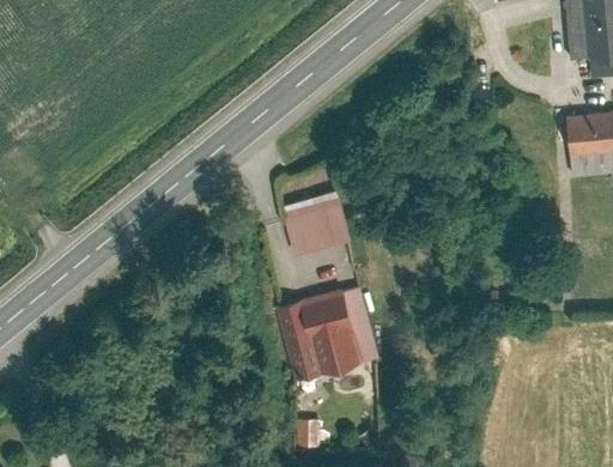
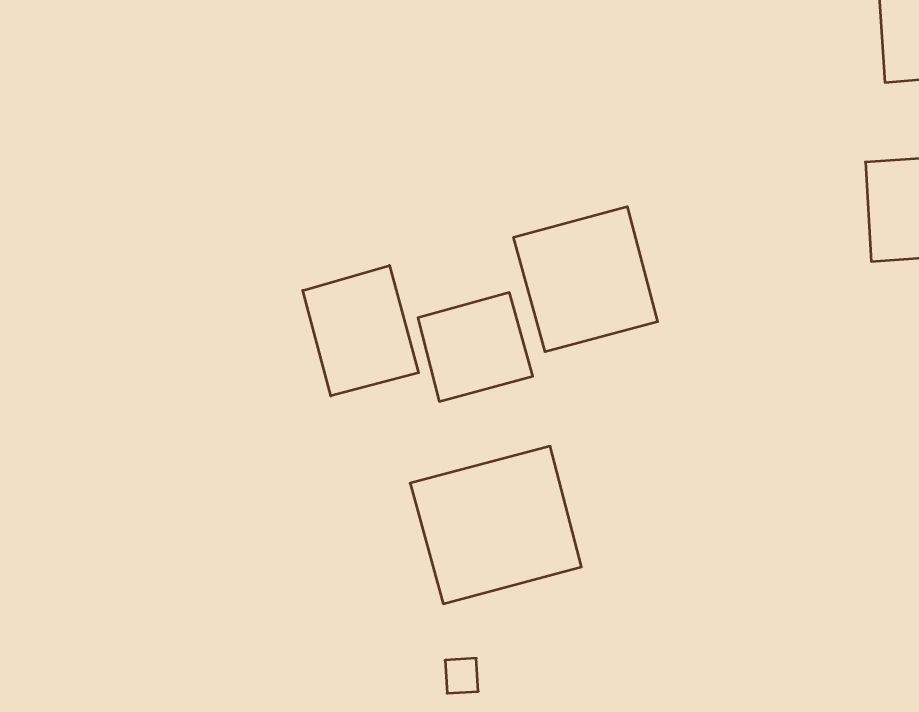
building: none -> [514,207,658,352]
building: none -> [303,265,419,396]

